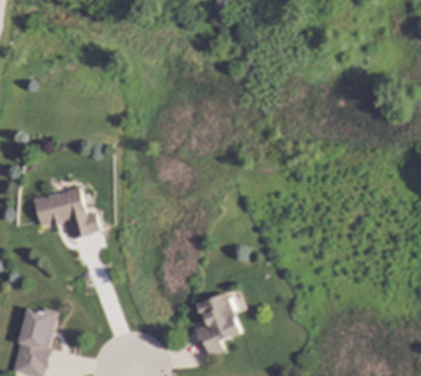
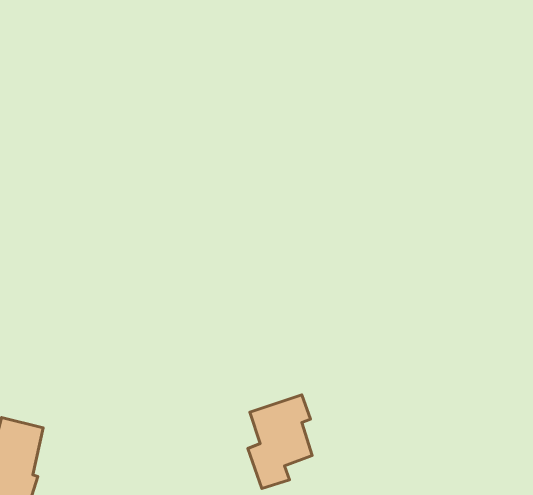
building: [33,187,99,238] -> none

